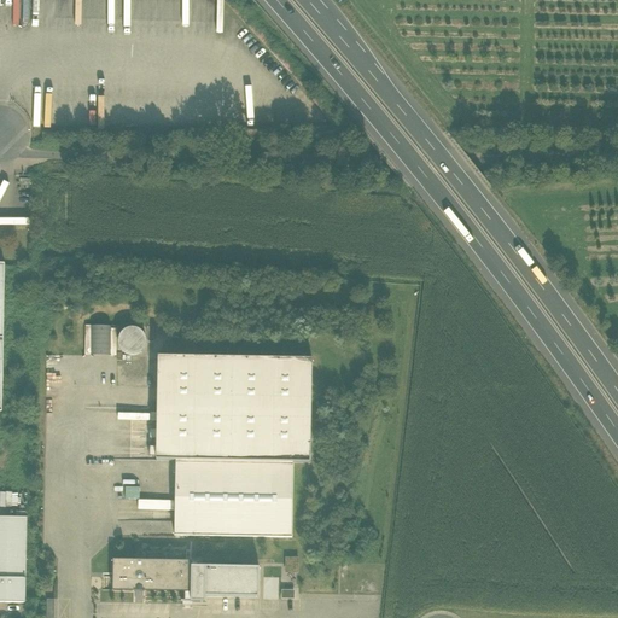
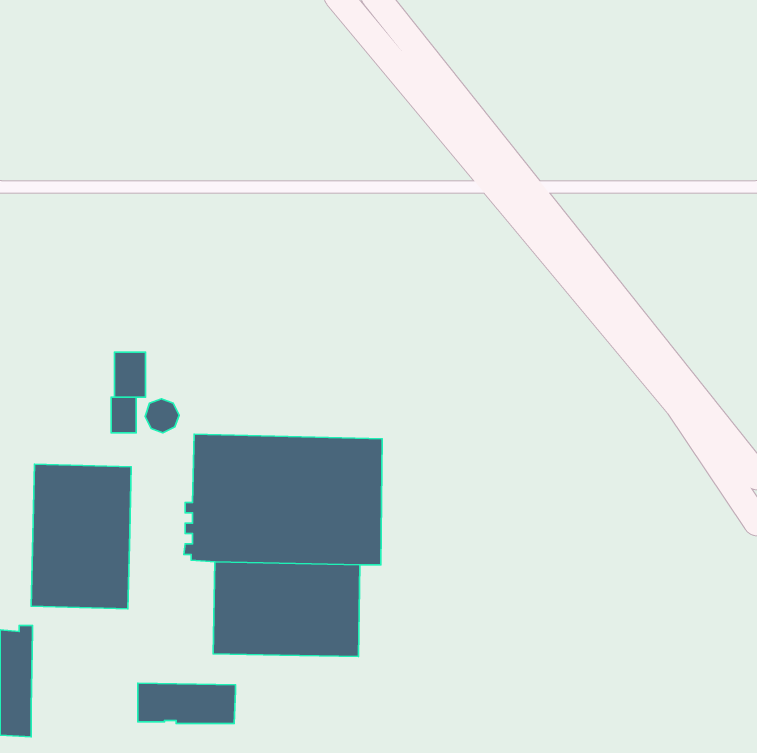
building: none -> [114,352,146,397]
building: none -> [31,464,131,609]
building: [181,562,260,599] -> none

